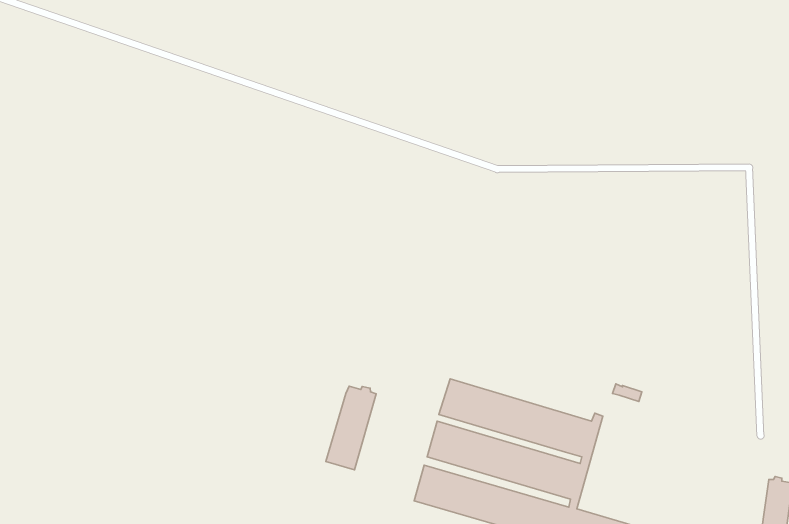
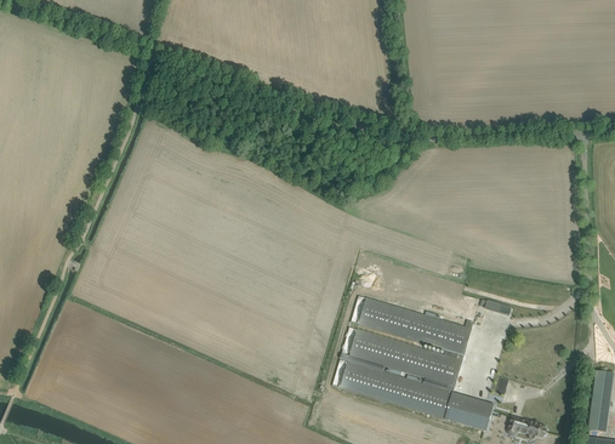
building: [326,386,376,470] -> none

